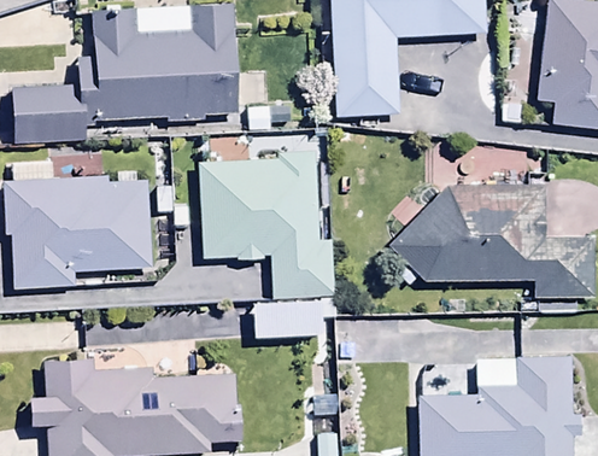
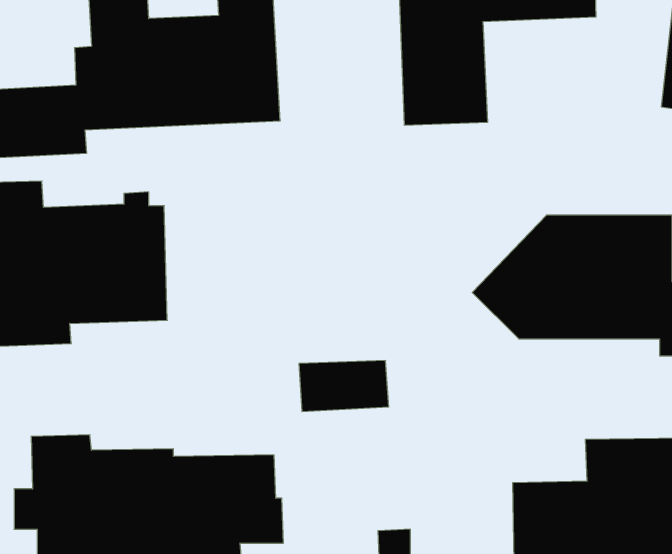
building: [199,152,334,297] -> none

